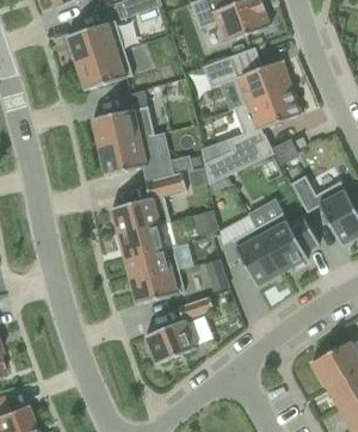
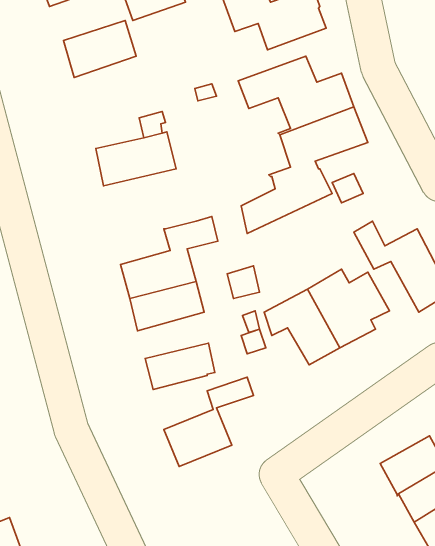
building: [76,47,134,91] -> none
building: [99,134,171,180] -> none
building: [125,245,180,280] -> none

